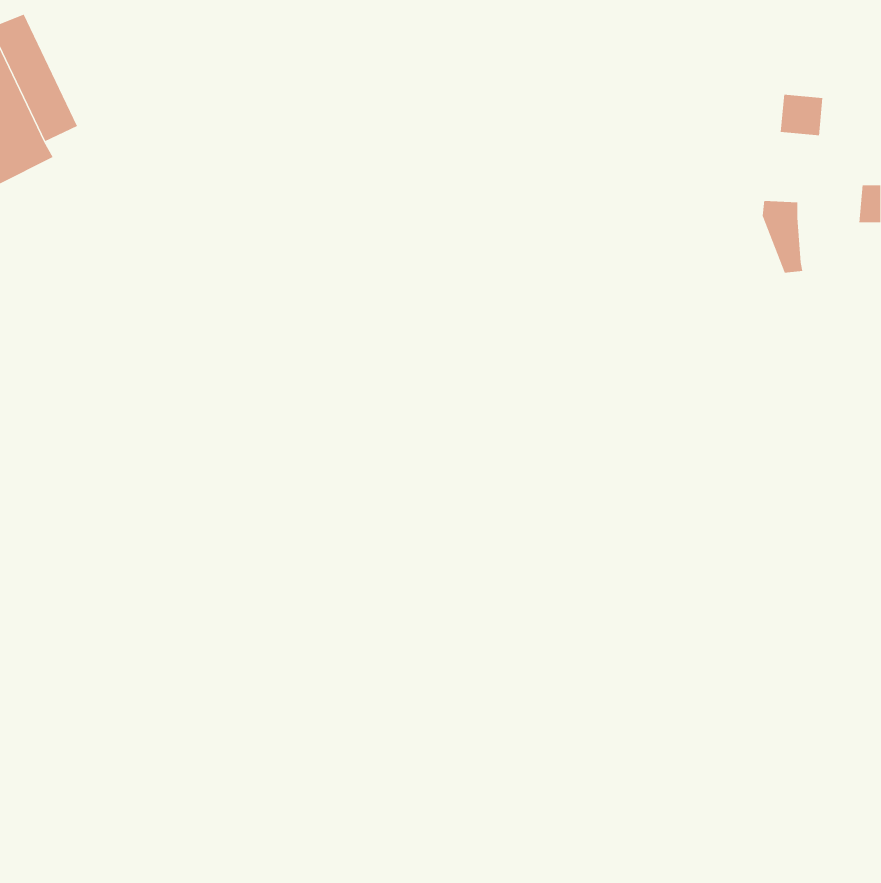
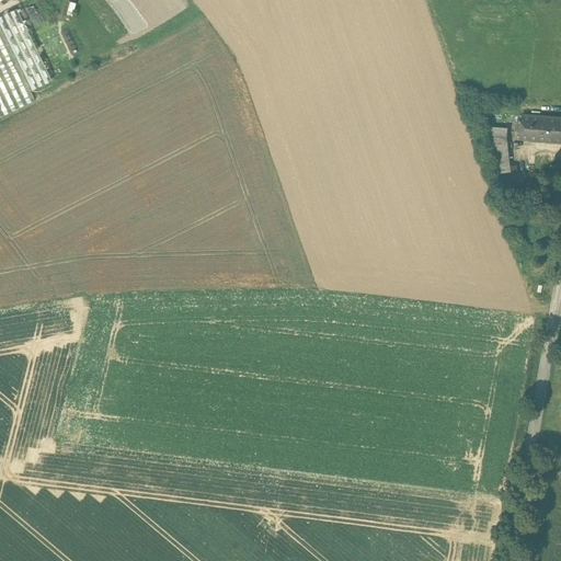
building: [780,94,823,136] -> [519,115,547,141]

